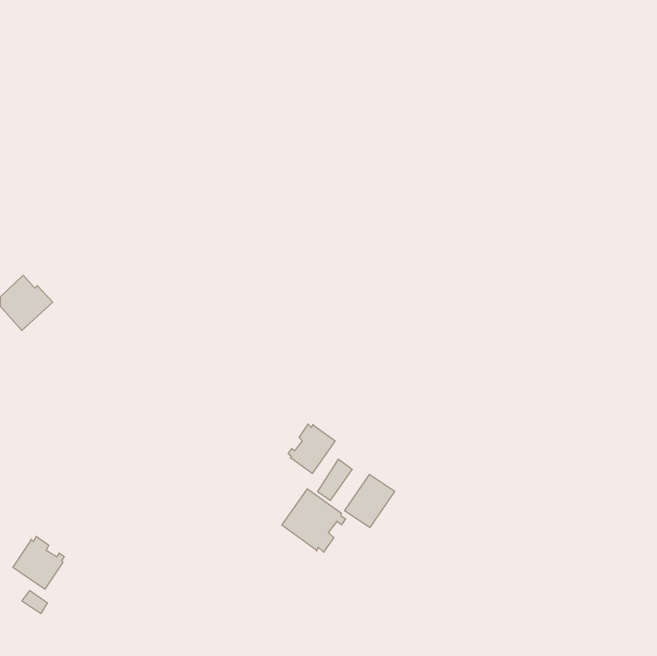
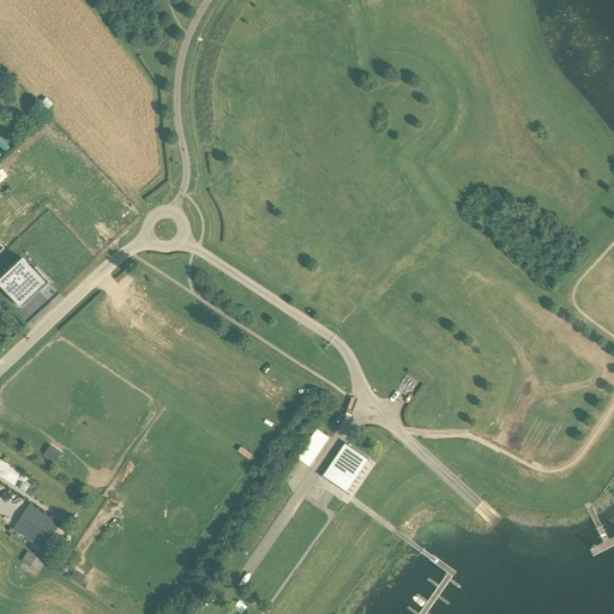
building: [288,424,335,474] -> none
building: [282,489,346,552] -> none

